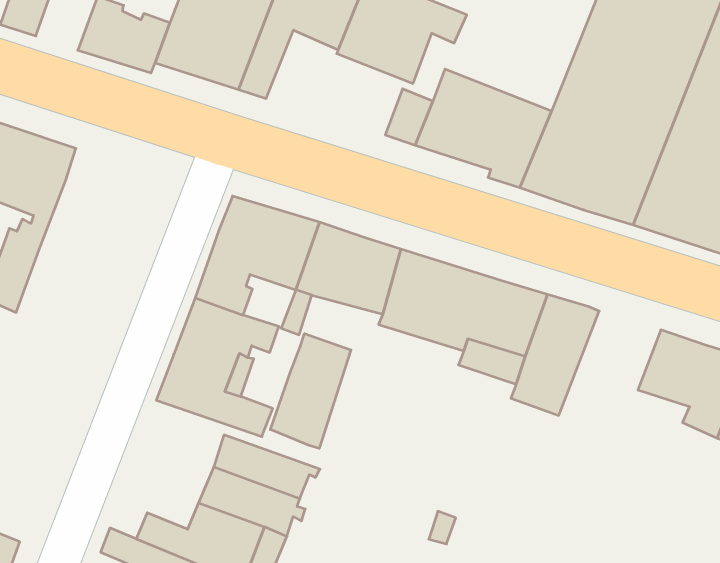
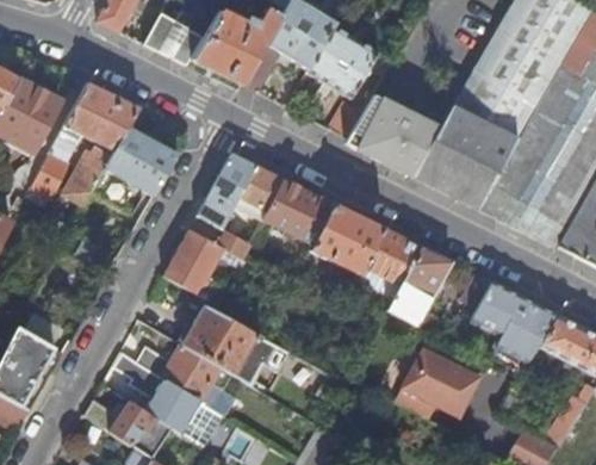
building: none -> [100,126,176,212]
building: [270,334,351,448] -> none
building: none -> [392,346,478,415]

